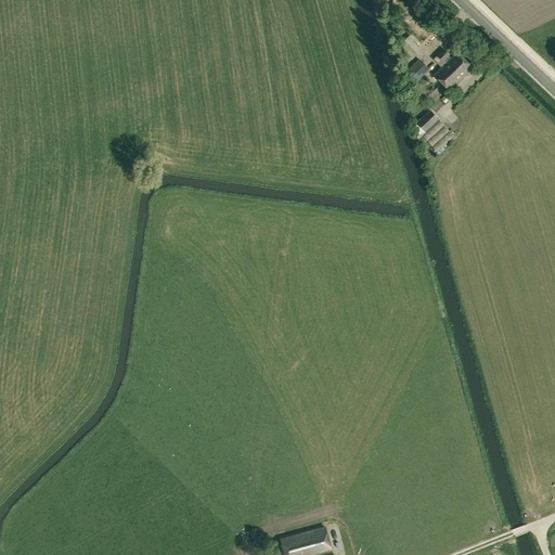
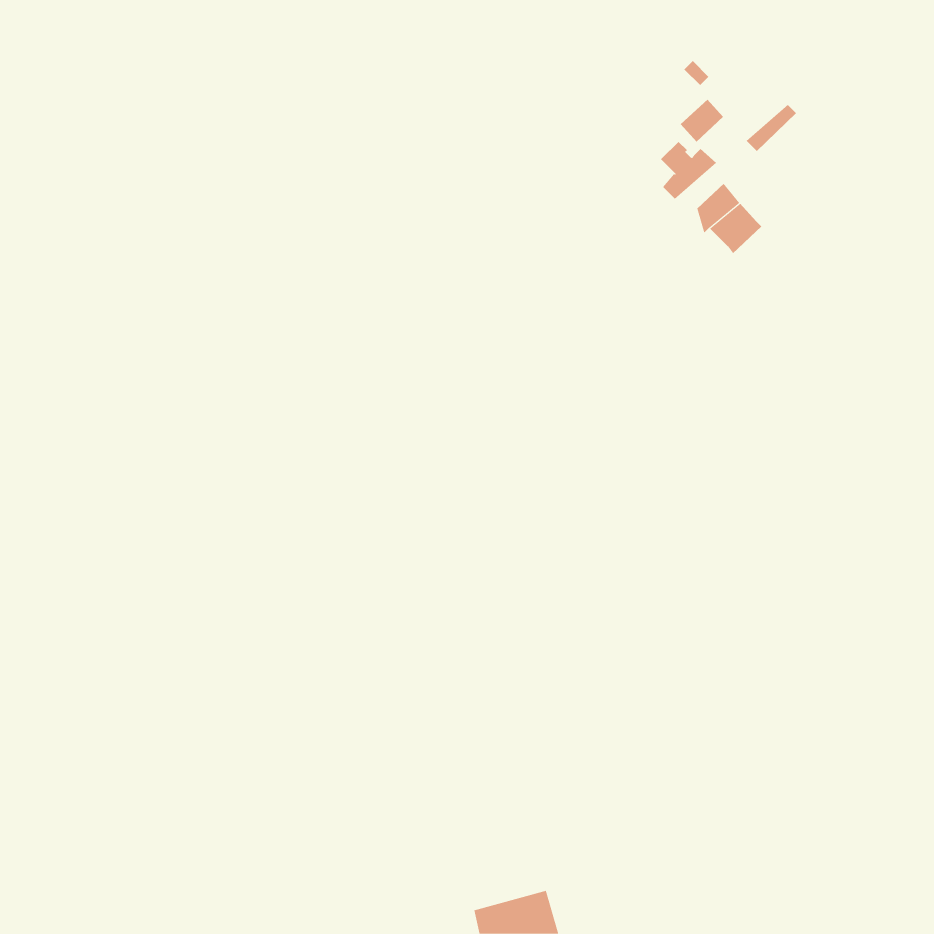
building: [434,49,467,83] -> [660,141,717,199]

